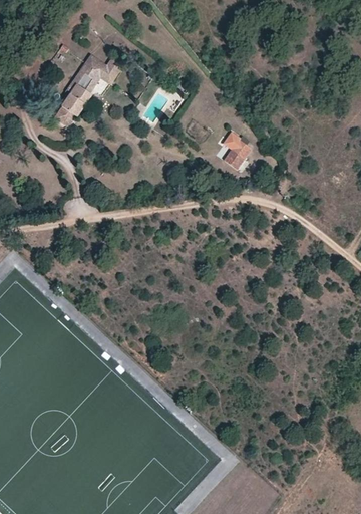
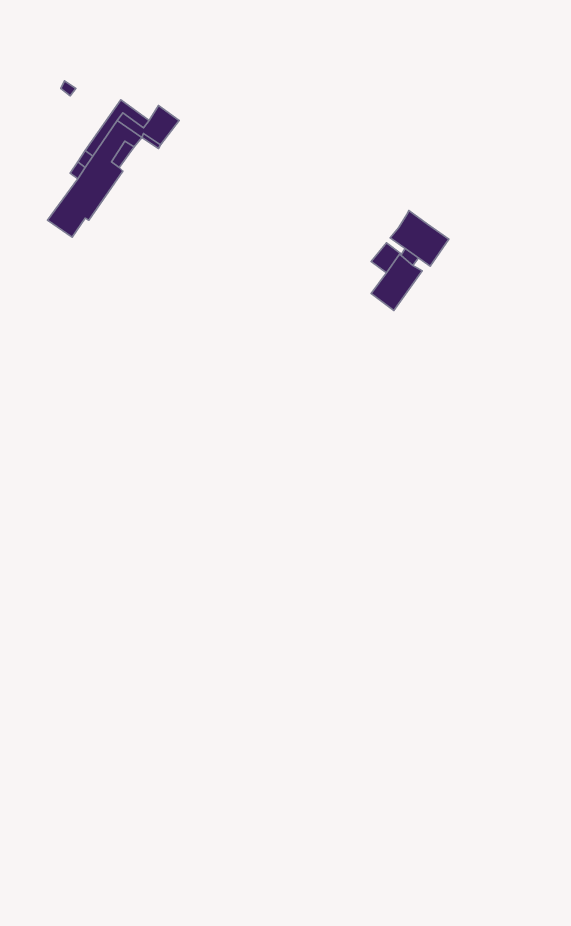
building: none -> [390,211,449,266]

